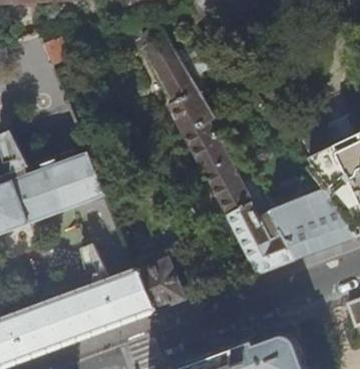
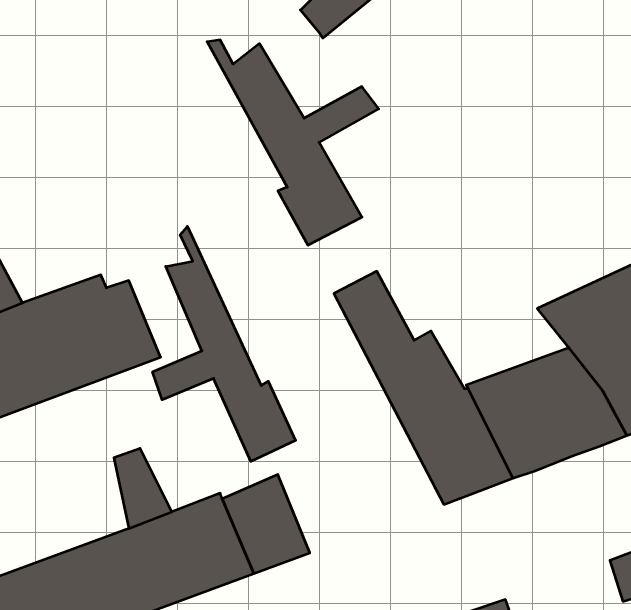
building: [183,119,220,160] -> none
building: none -> [153,226,296,461]

